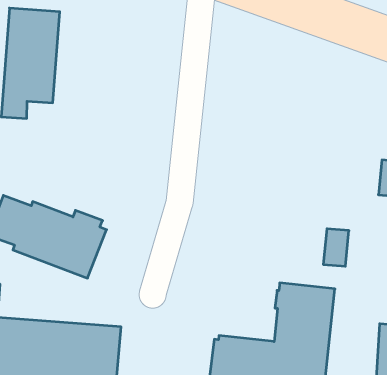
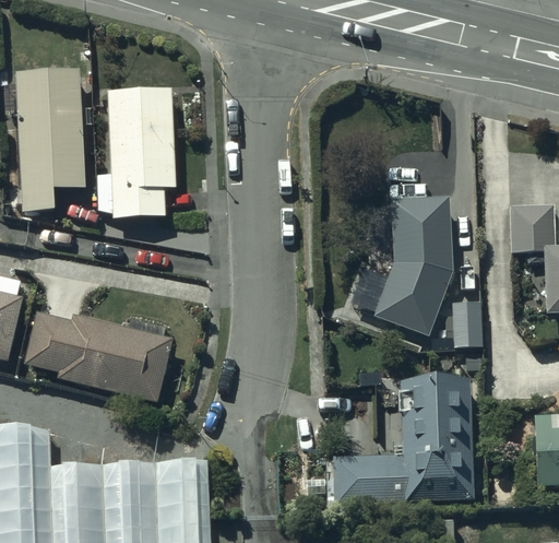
building: none -> [96,83,178,217]
building: none -> [350,190,473,334]

